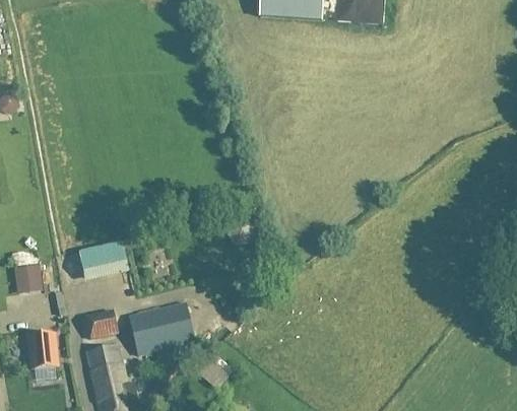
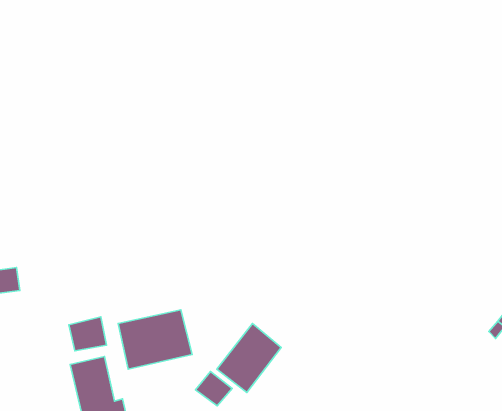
building: [78,242,126,282] -> none
building: none -> [217,324,281,392]
building: [27,332,55,366] -> none

